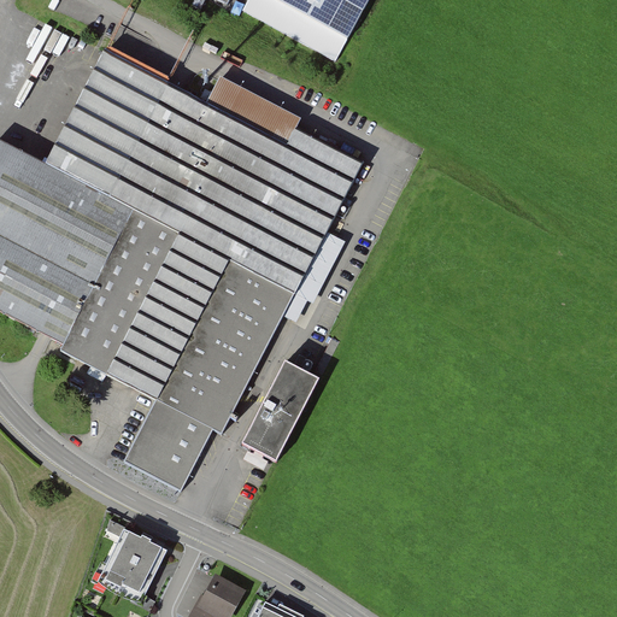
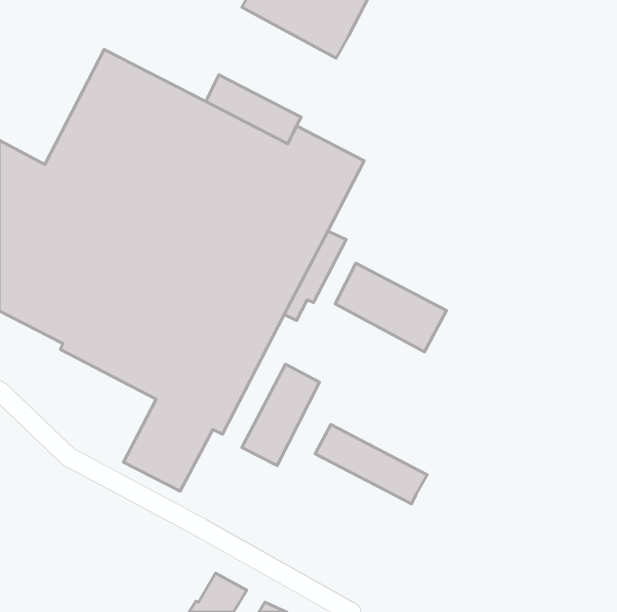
building: none -> [335,263,446,352]
building: none -> [315,425,427,504]
building: [96,528,166,601] -> none

